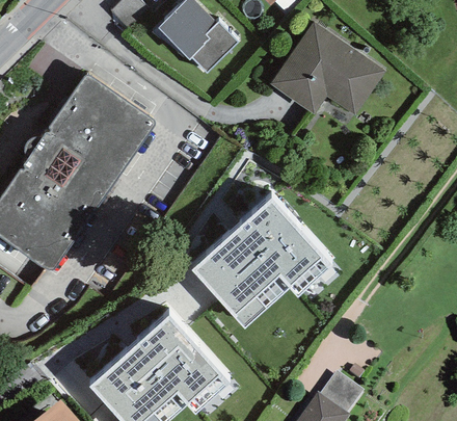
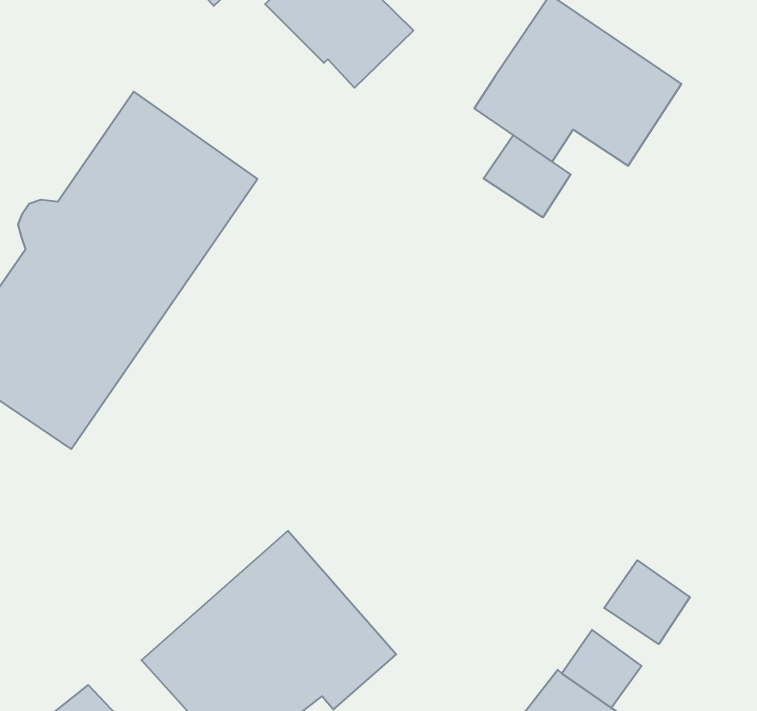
building: none -> [484,135,571,217]
building: [191,198,330,327] -> none
building: none -> [604,560,690,644]

